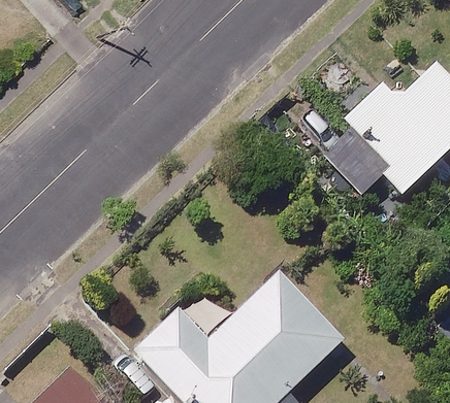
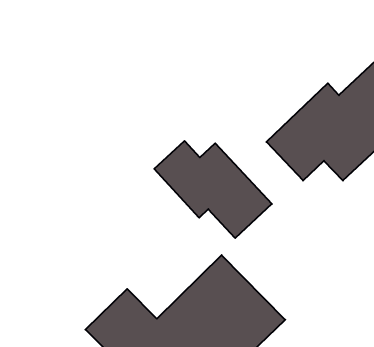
building: none -> [154,141,272,238]

